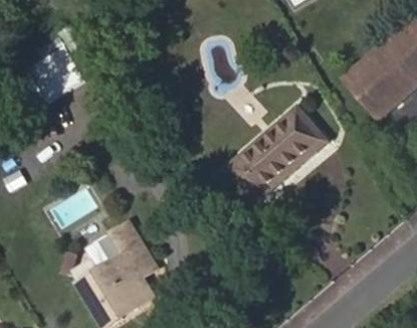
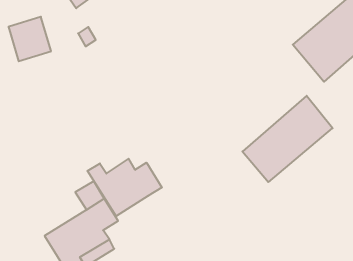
building: [228,106,326,199] -> [242,96,333,182]
building: none -> [87,159,162,216]

